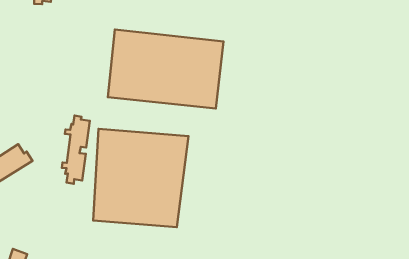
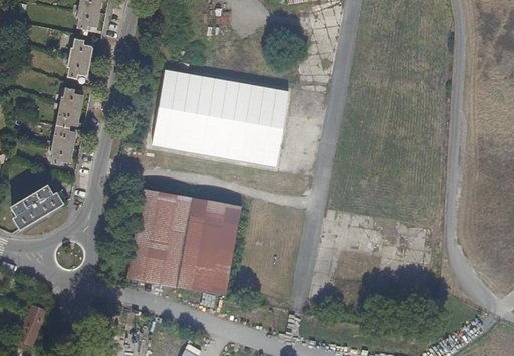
building: none -> [64,43,92,82]
building: [62,116,90,184] -> [48,92,83,169]

